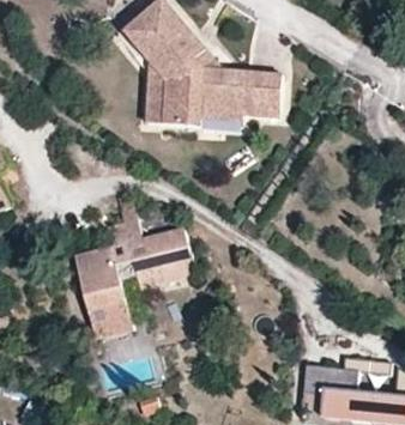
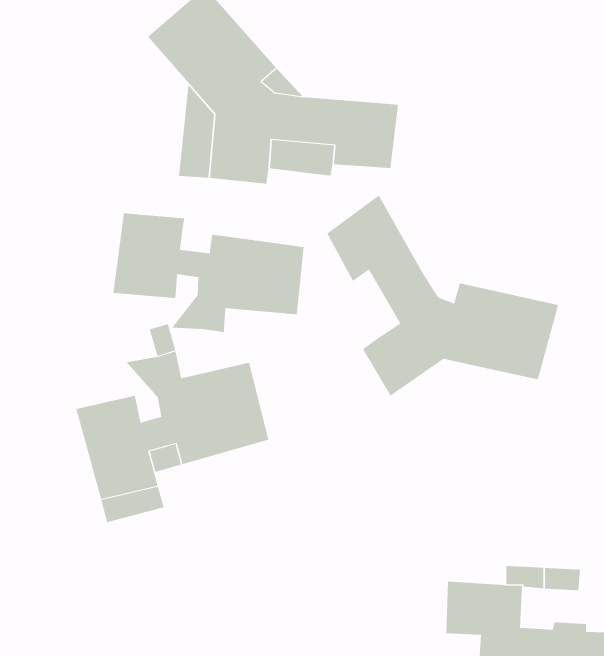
building: none -> [326,195,559,397]
building: none -> [113,212,304,333]

